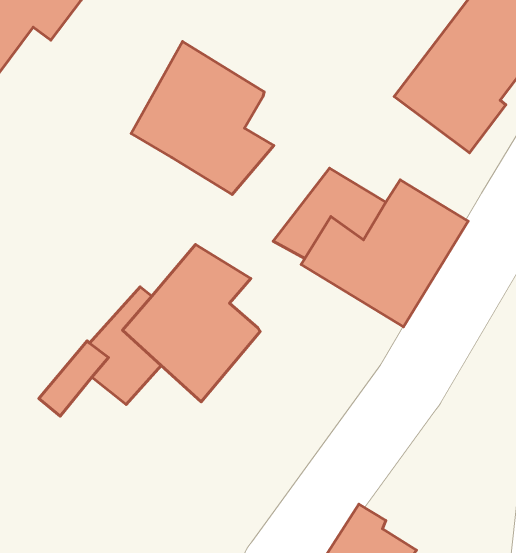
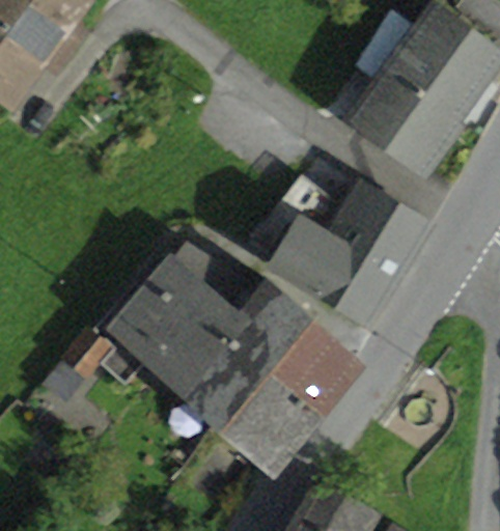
building: [131,42,274,194] -> none
building: none -> [185,285,352,465]

